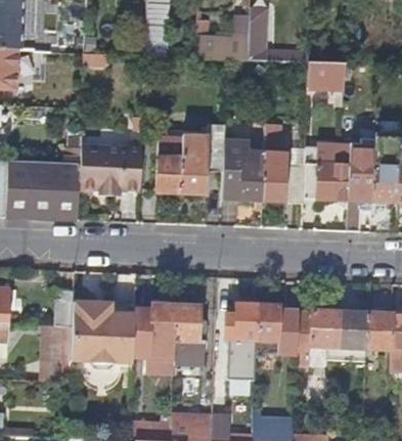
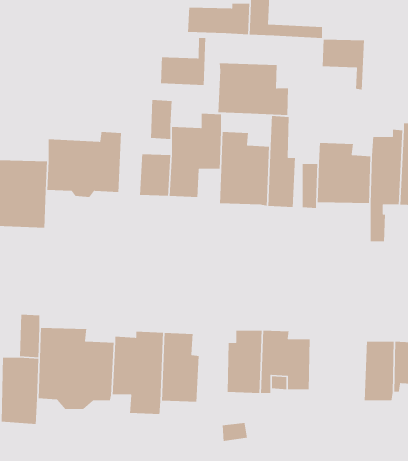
building: none -> [160,37,206,86]
building: none -> [218,63,289,116]
building: [296,311,344,370] -> none

